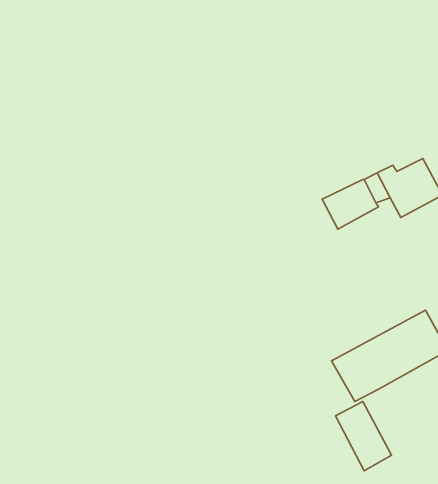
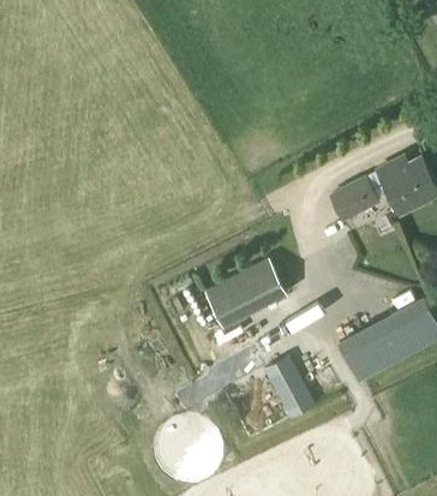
building: none -> [205,263,287,330]
building: [335,402,392,471] -> [263,355,315,419]

